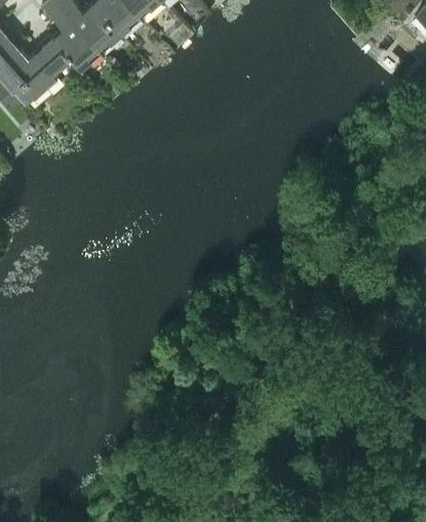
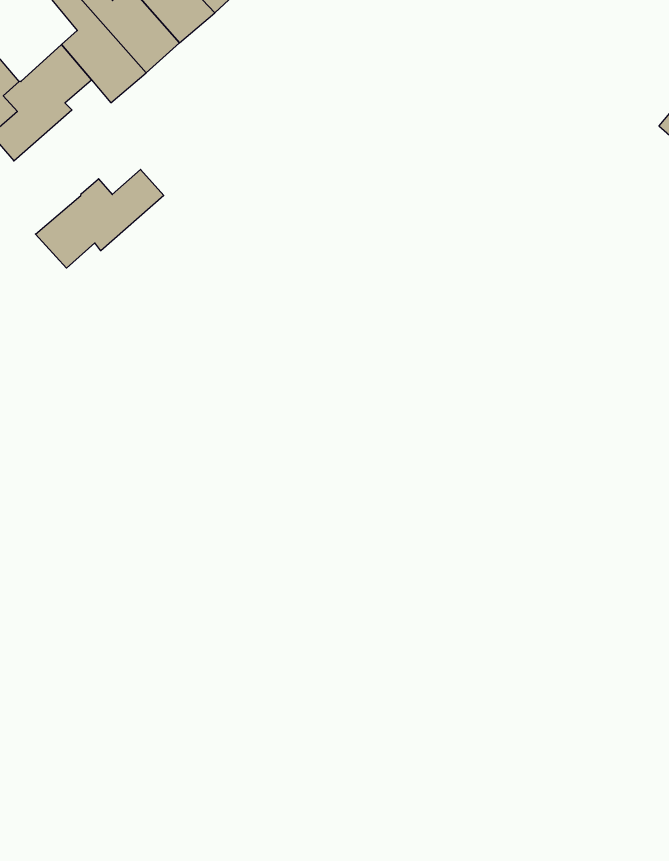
building: none -> [35,169,164,268]

